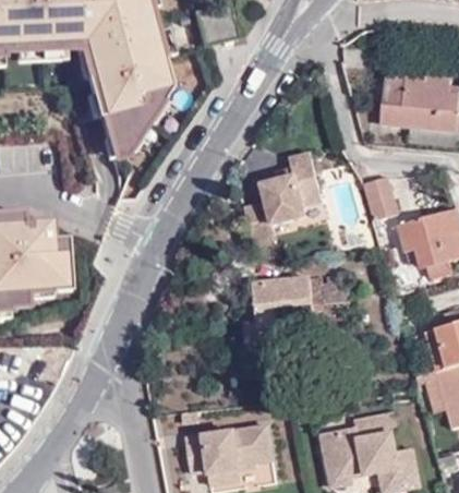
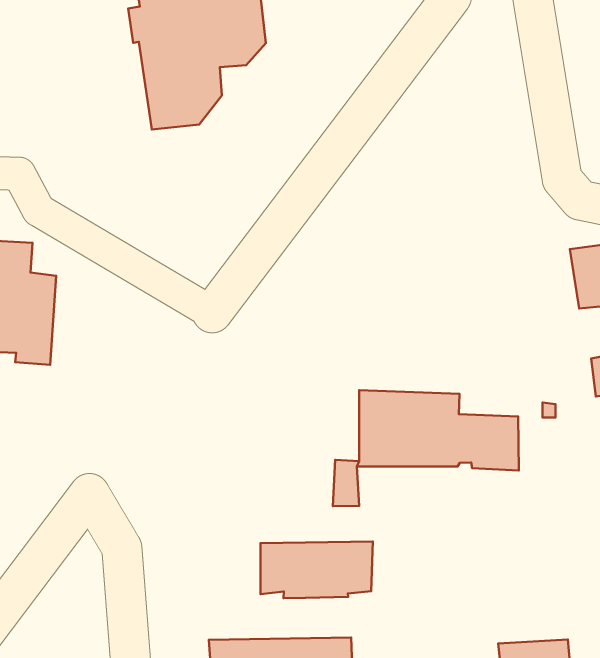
building: [242,155,319,260] -> none
building: none -> [261,541,373,598]

